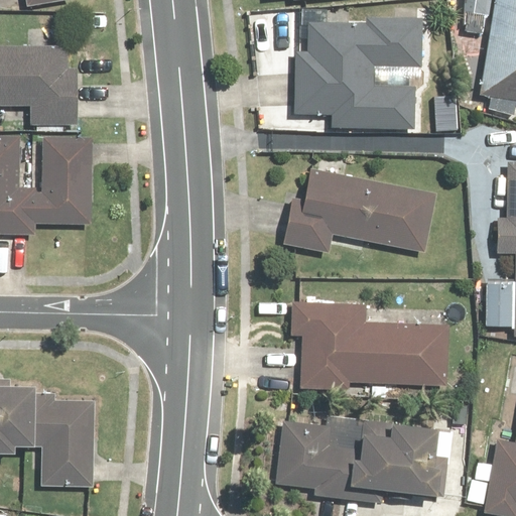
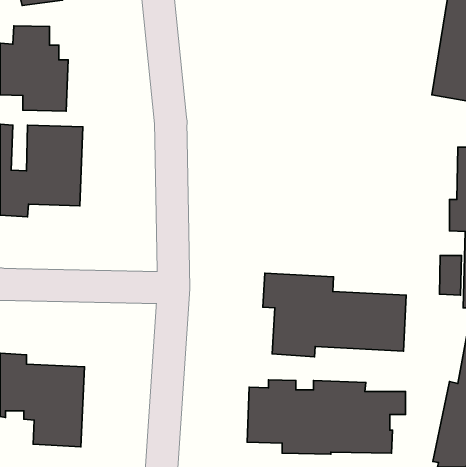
building: [294,17,422,127] -> none
building: [280,168,439,254] -> none

